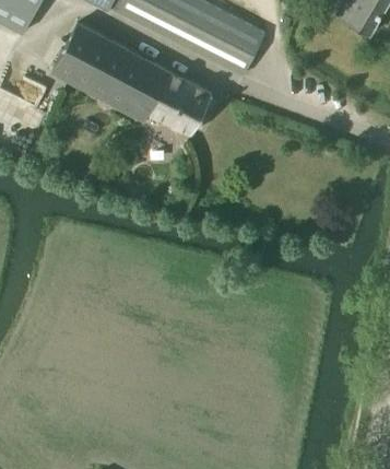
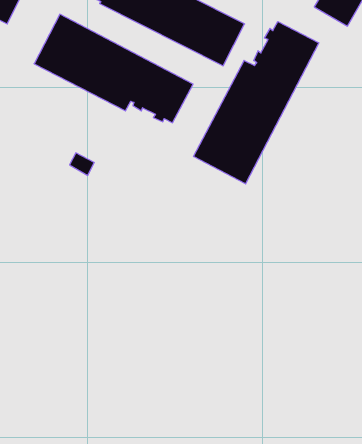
building: none -> [194,22,319,184]

